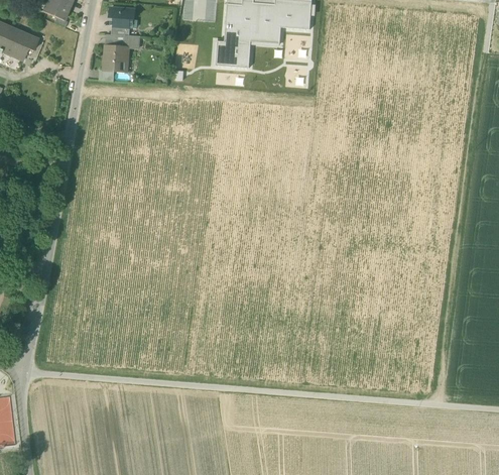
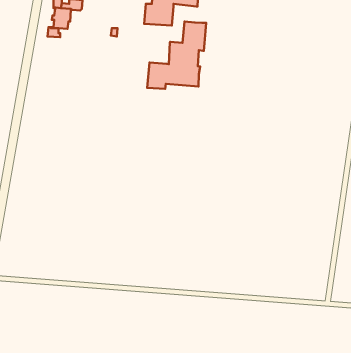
building: none -> [147,22,206,89]

